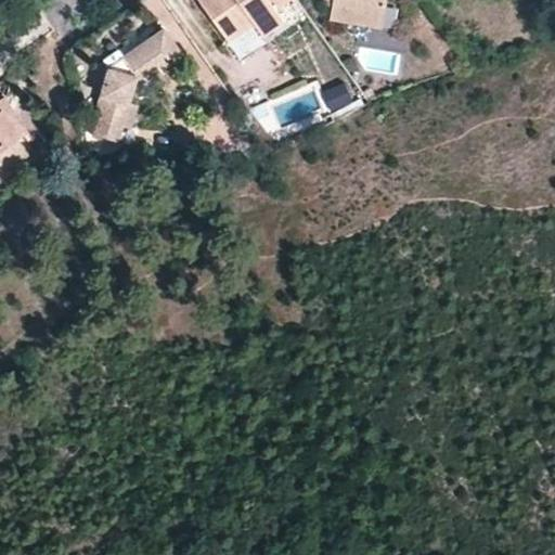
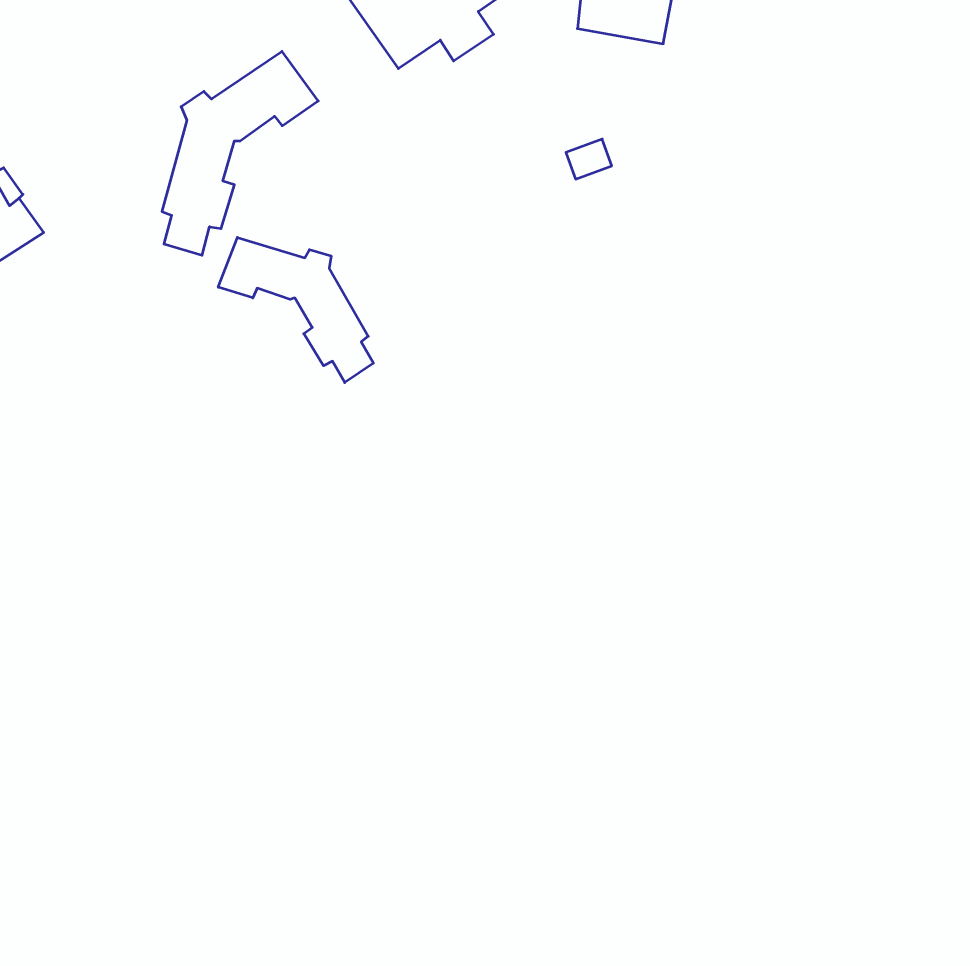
building: none -> [218,237,373,383]

